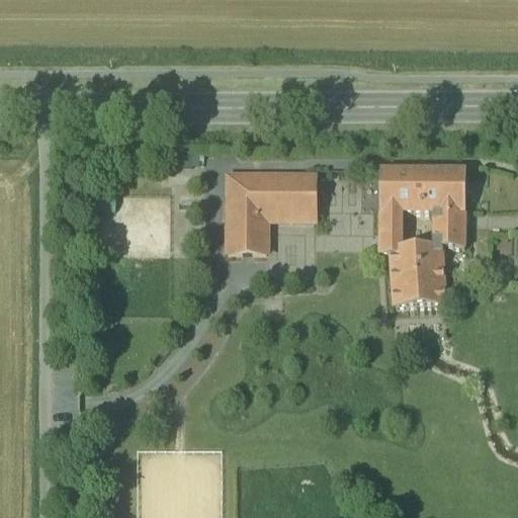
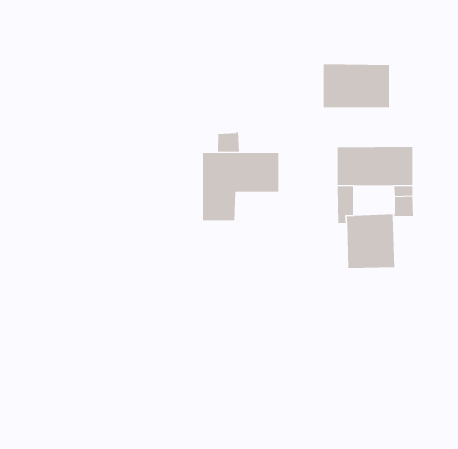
building: none -> [323,63,389,108]
building: none -> [218,132,240,153]

